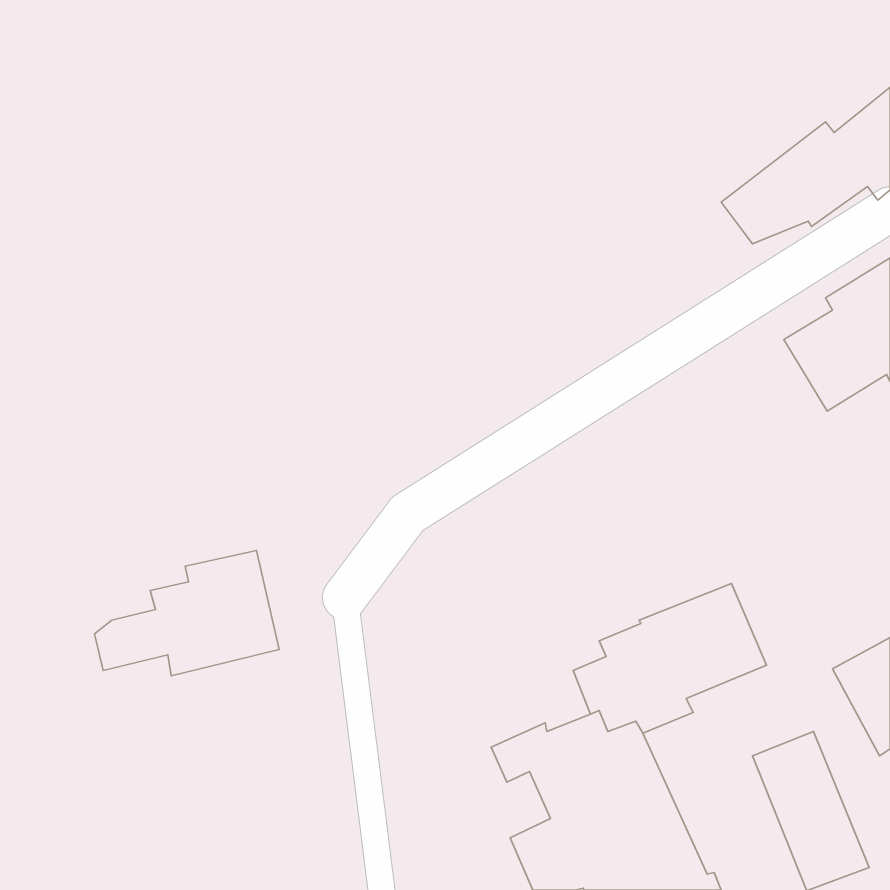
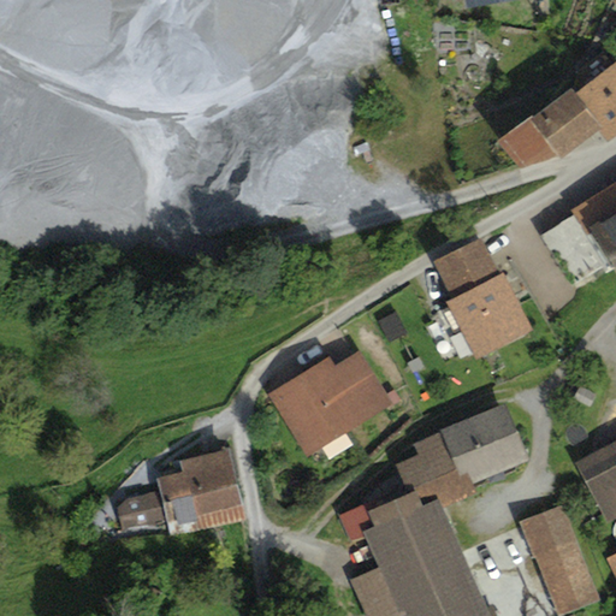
building: none -> [434,237,527,354]
building: none -> [266,350,392,456]
building: [95,550,279,676] -> [117,449,244,535]

